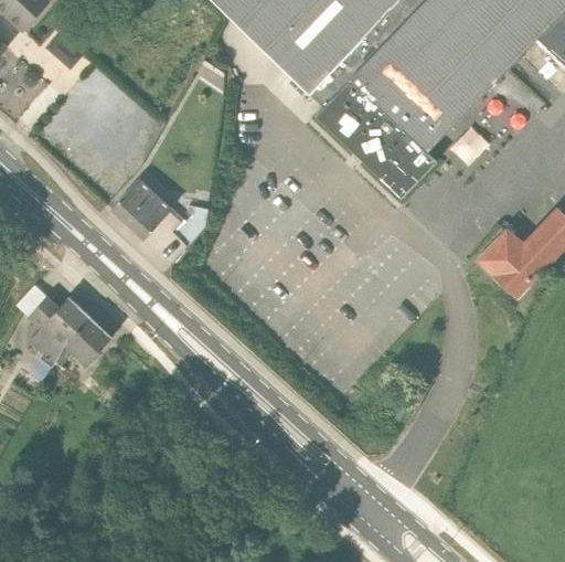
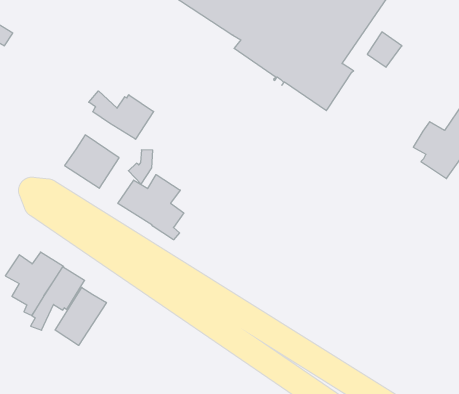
building: none -> [89,91,154,139]
building: none -> [118,175,184,240]
building: none -> [55,287,106,345]

